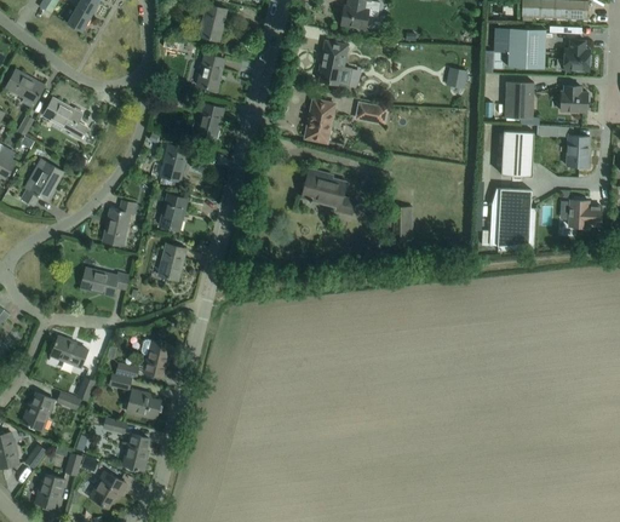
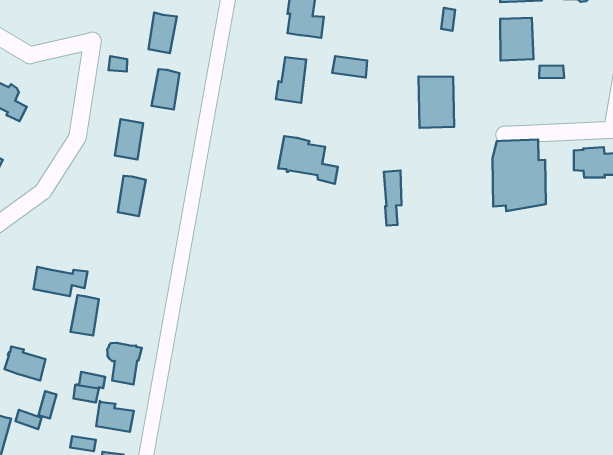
building: [561,85,587,111] -> none
building: [501,130,534,176] -> [418,77,454,128]
building: [567,134,589,166] -> none
building: [103,200,136,245] -> none
building: [159,243,185,280] -> [71,295,99,336]

